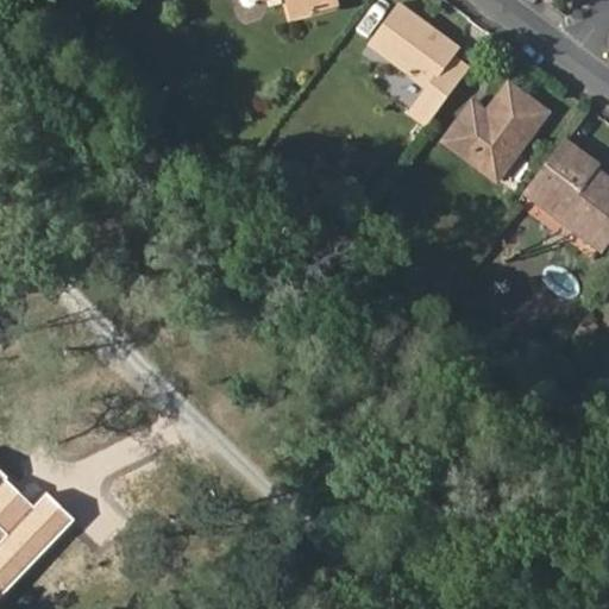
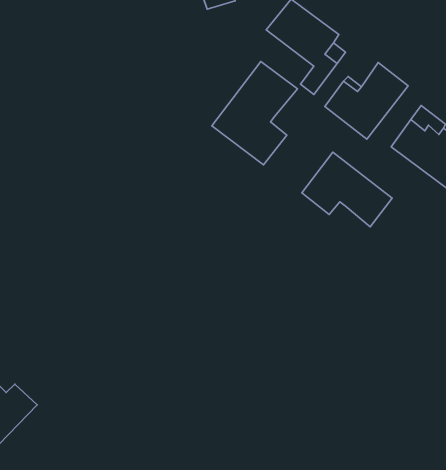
building: none -> [212,61,298,165]
building: none -> [302,152,392,227]

